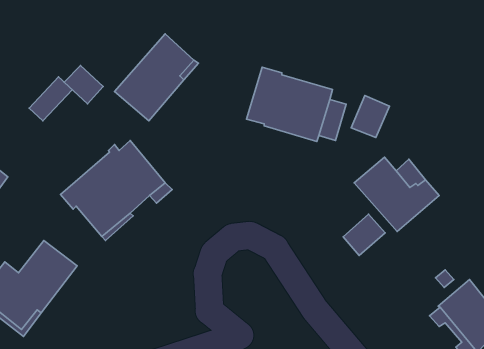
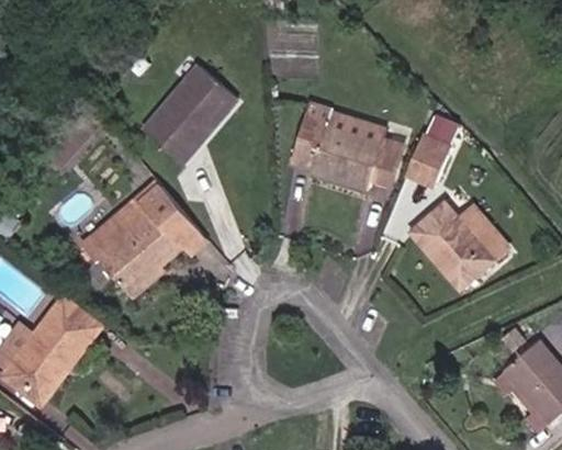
building: [64,66,103,104] -> none
building: [343,214,385,256] -> none

